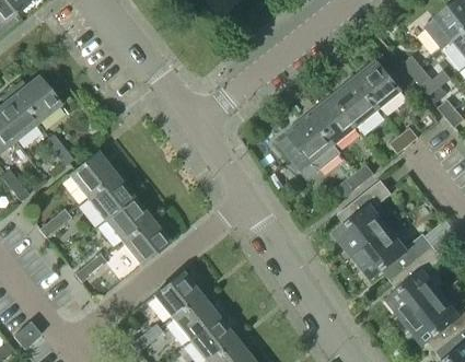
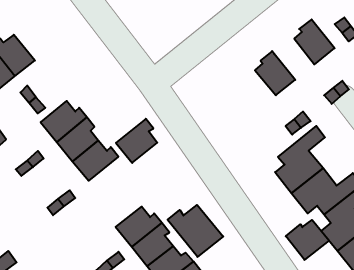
building: [330,80,379,127] -> none
building: [277,116,340,172] -> none
building: [121,214,168,265] -> [116,119,157,163]
building: none -> [168,205,223,257]
building: none -> [286,220,329,260]

